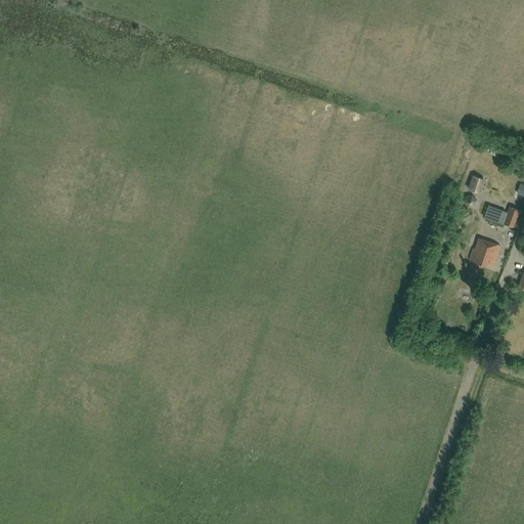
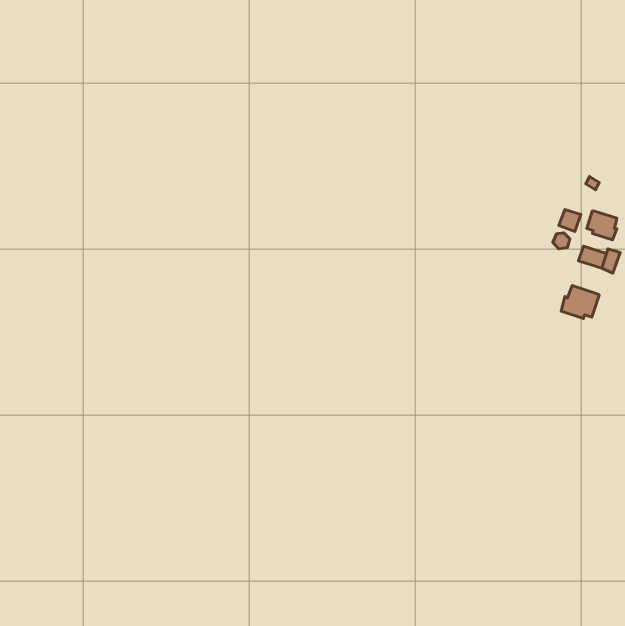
building: none -> [587,211,617,240]

